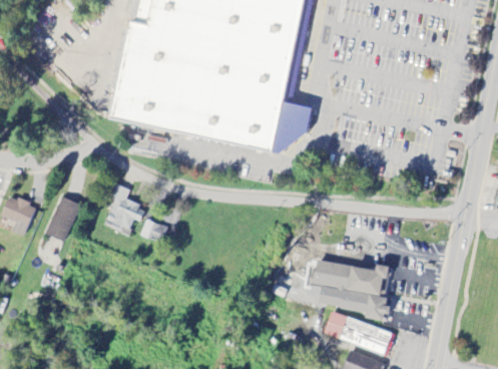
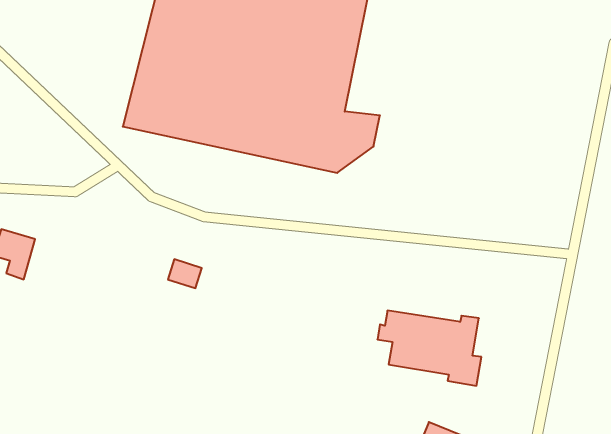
building: [106,183,147,230] -> none
building: [46,195,82,242] -> none
building: [325,312,396,355] -> none

